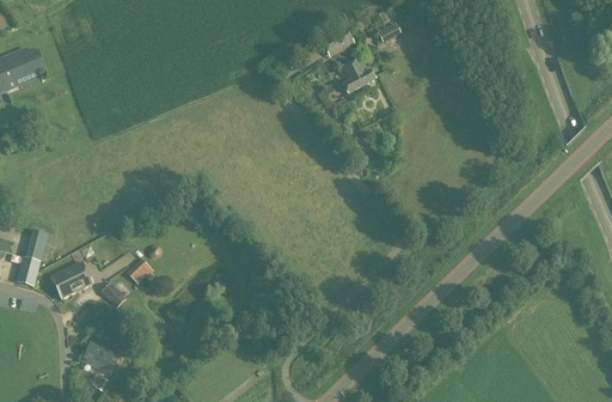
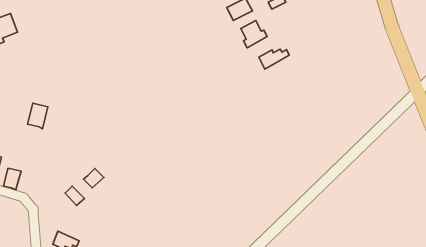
building: none -> [259,49,289,69]
building: [24,229,51,263] -> [28,103,48,129]
building: [50,261,92,298] -> none

